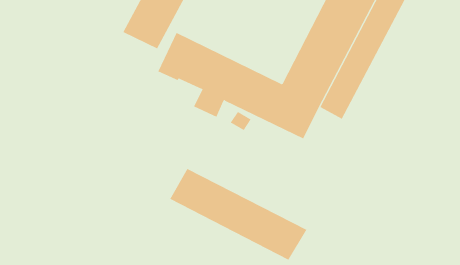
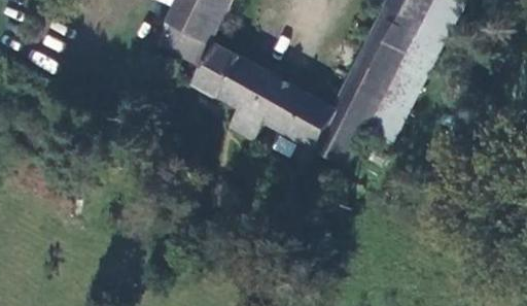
building: [170,168,307,260] -> none

